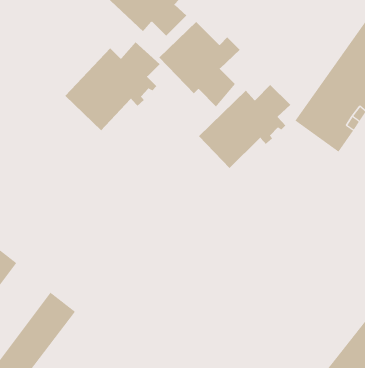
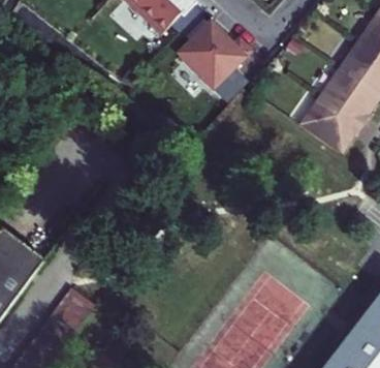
building: [64,42,160,131] -> none
building: [198,84,291,169] -> none

